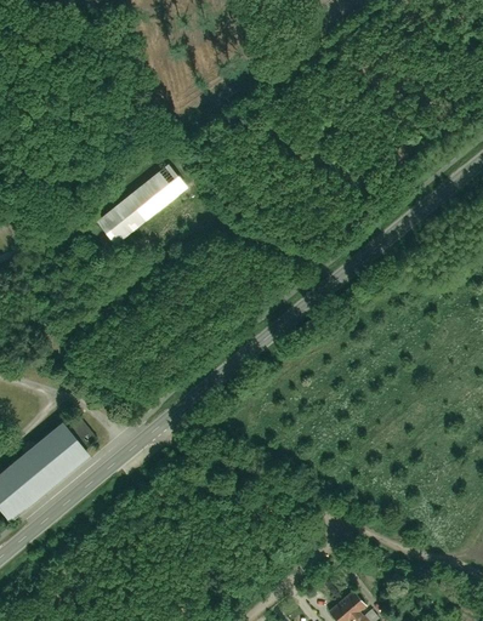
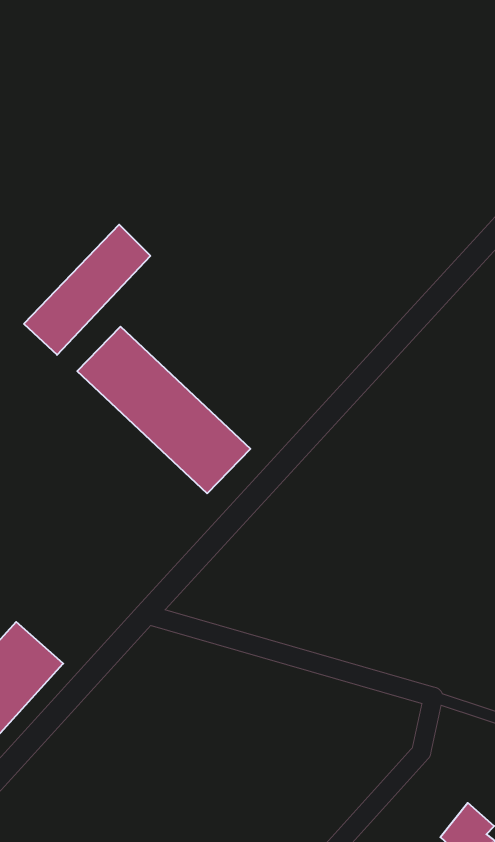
building: none -> [77,327,250,493]

